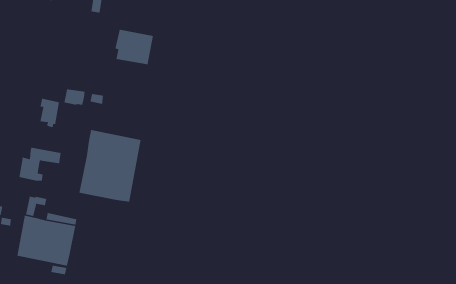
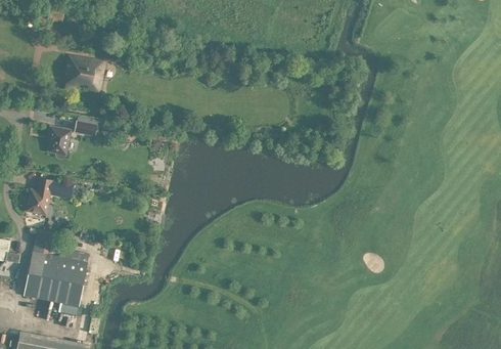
building: [114,29,154,65] -> [63,54,105,93]
building: [78,129,142,202] -> none

